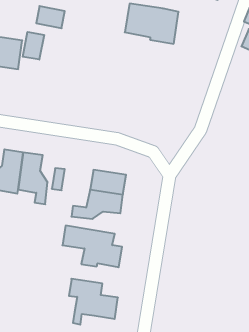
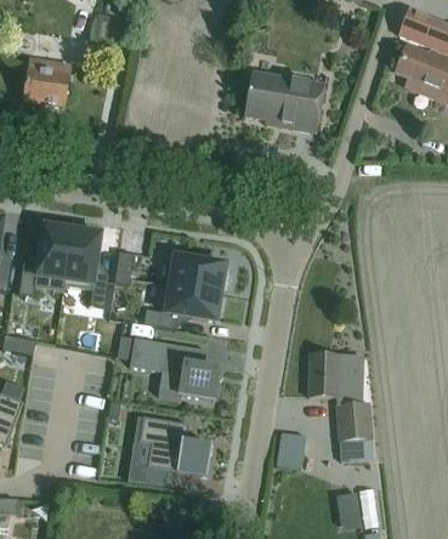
building: [125,4,179,44] -> [243,73,323,132]
building: [23,32,44,60] -> none
building: none -> [307,353,372,460]
building: none -> [276,432,305,469]

